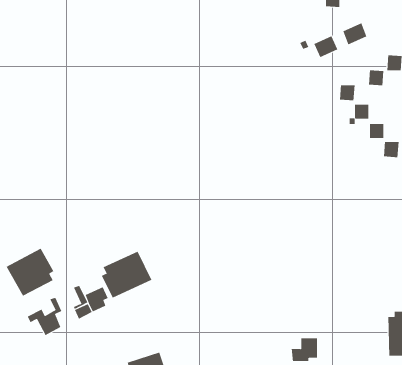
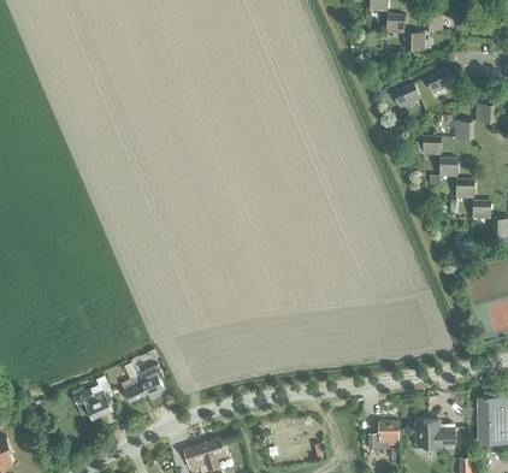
building: [6,248,54,297] -> none
building: [101,251,152,298] -> none
building: none -> [415,420,455,445]

